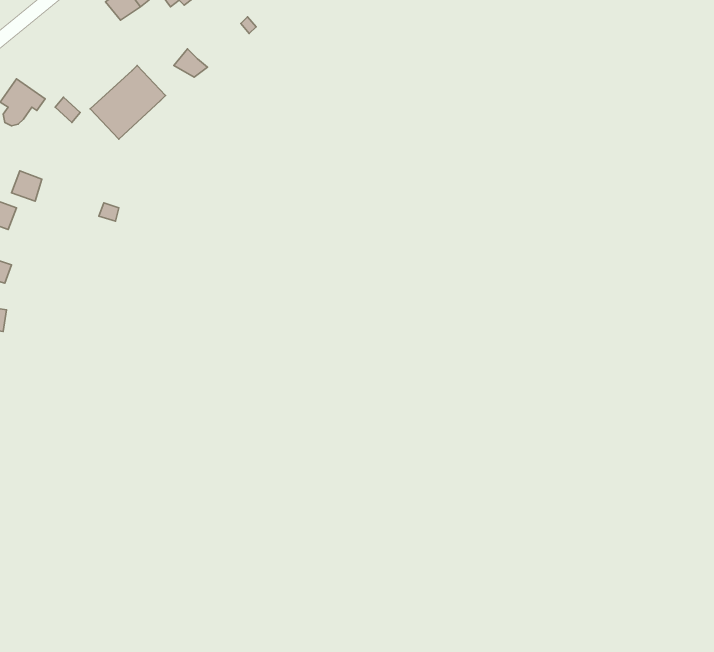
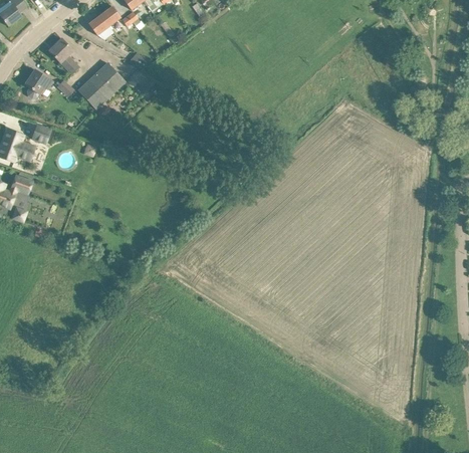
building: none -> [49,38,79,73]

